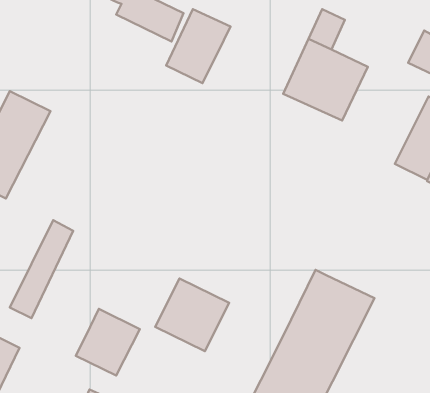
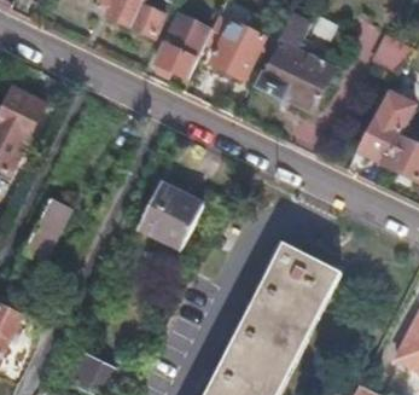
building: none -> [203,13,263,79]
building: [155,279,229,351] -> [136,184,203,249]
building: [76,309,140,376] -> none

